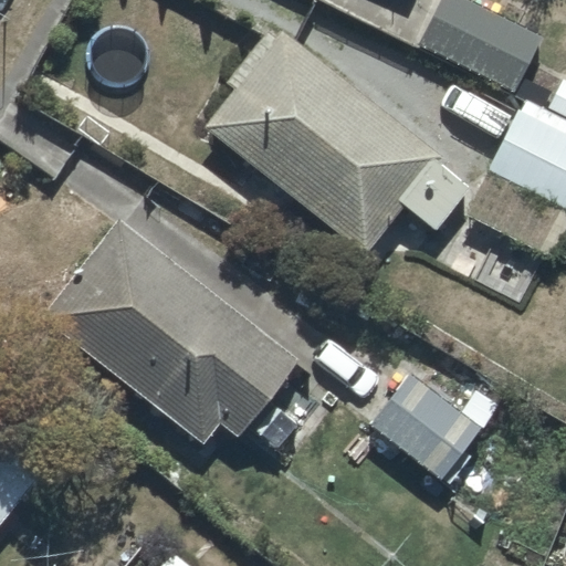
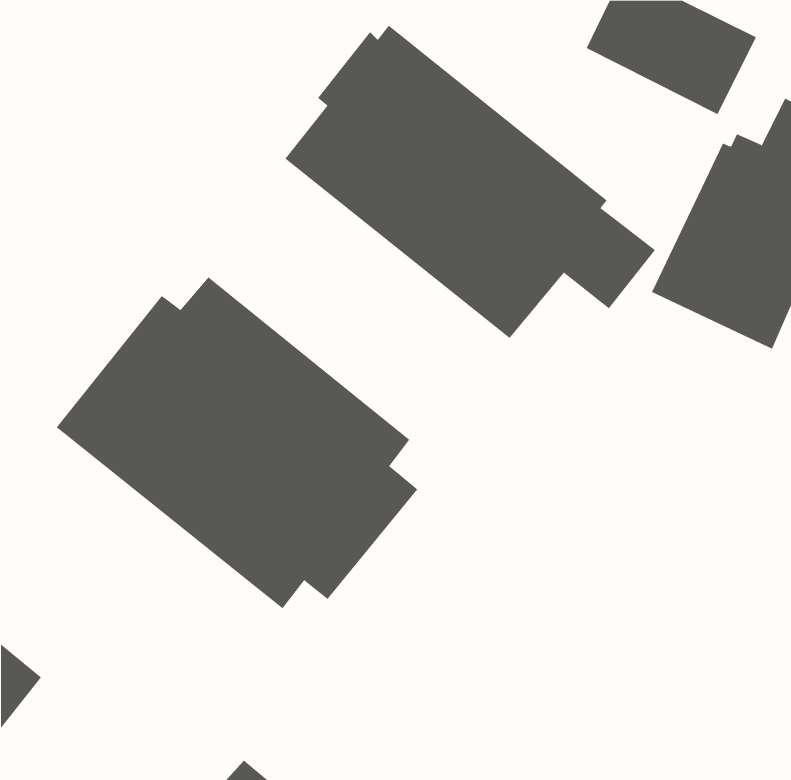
building: [368,375,510,489] -> none

